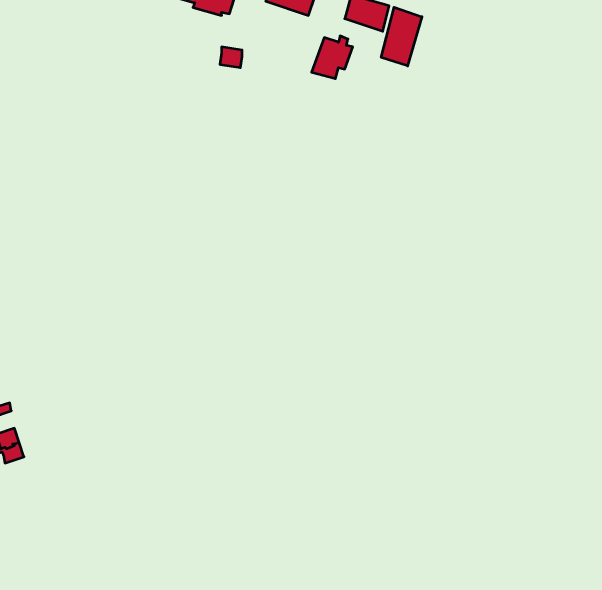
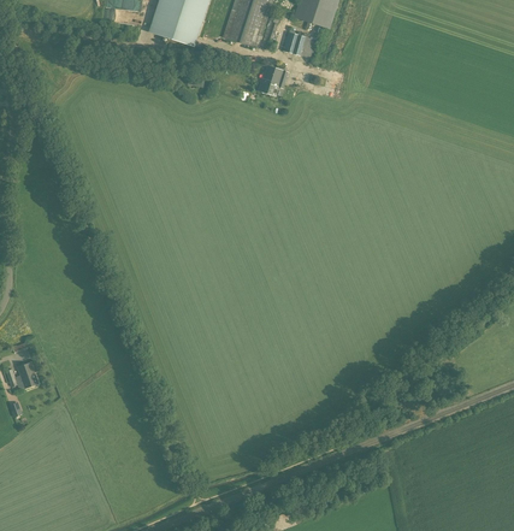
building: [381,7,422,66] -> none

